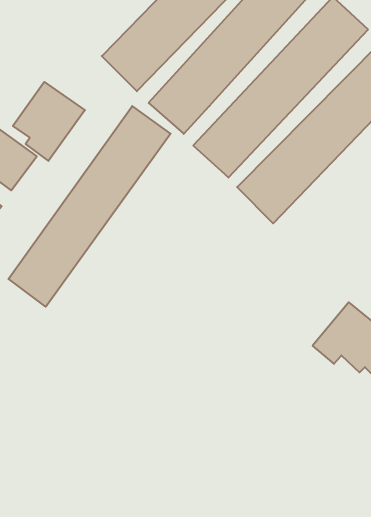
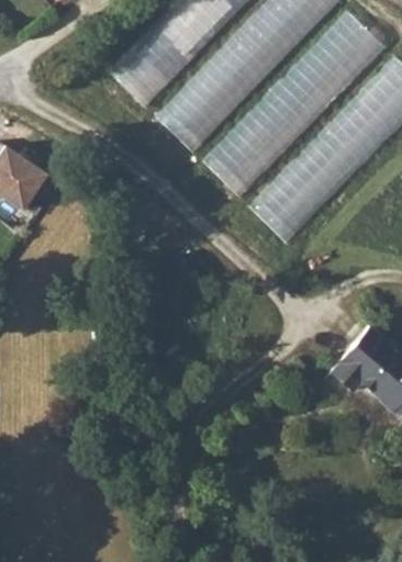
building: [13,82,85,161] -> none
building: [8,106,171,307] -> none

